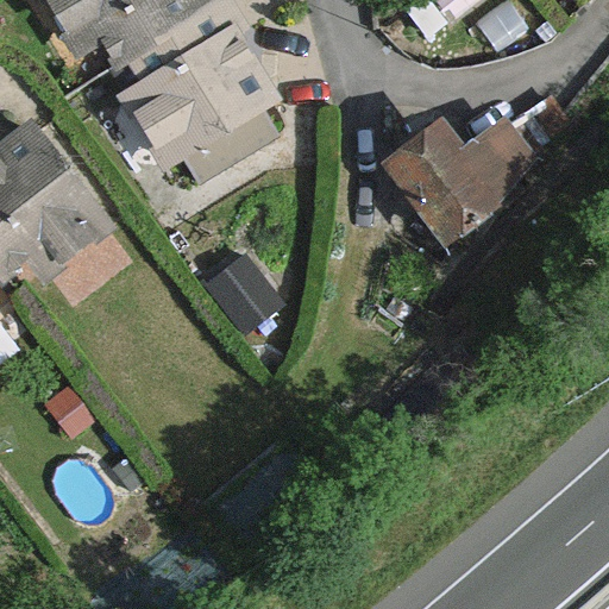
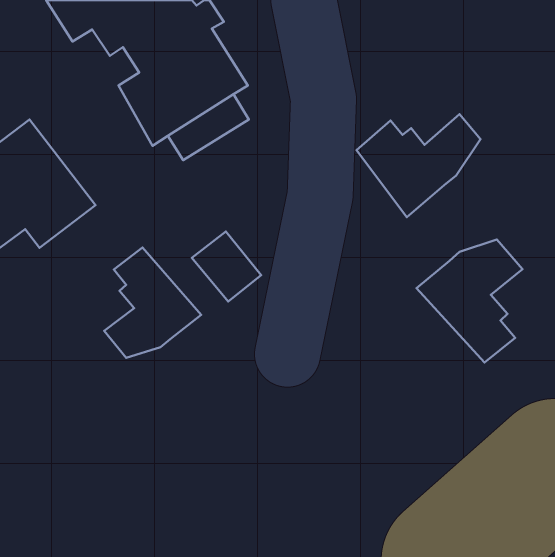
building: none -> [417,239,522,362]
building: none -> [104,247,201,358]

